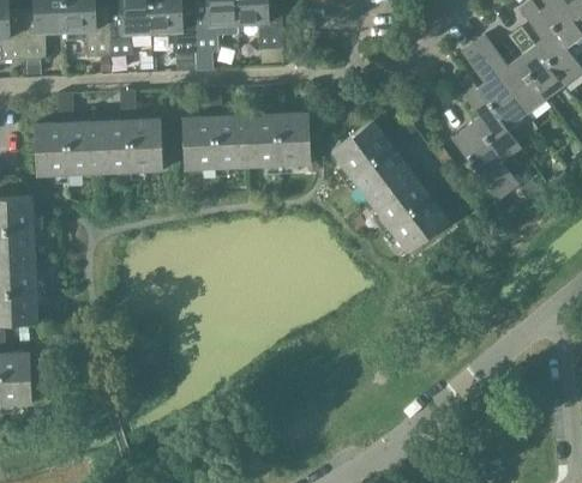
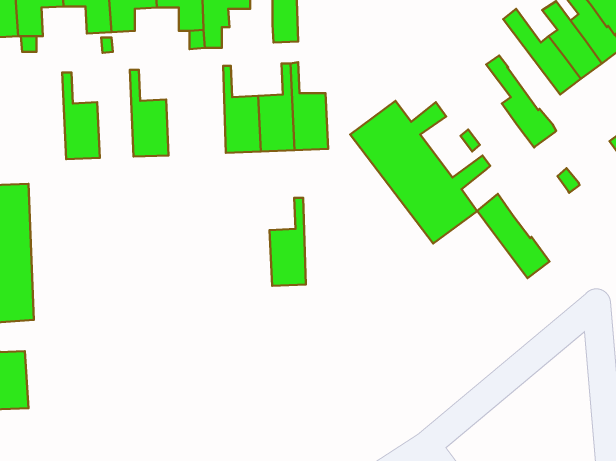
building: [461,44,535,141] -> none
building: [181,87,215,169] -> [269,198,306,286]
building: [96,91,130,173] -> none
building: [34,93,67,175] -> none
building: [451,122,518,200] -> [477,194,550,278]

